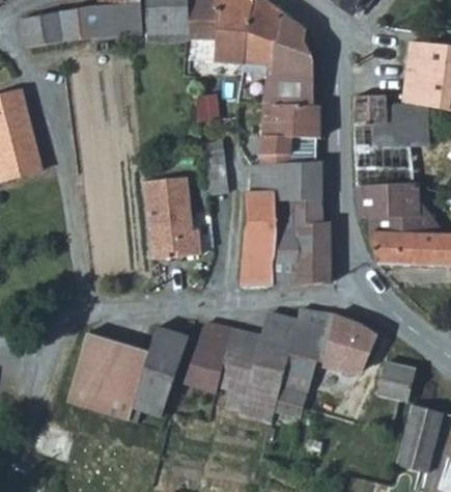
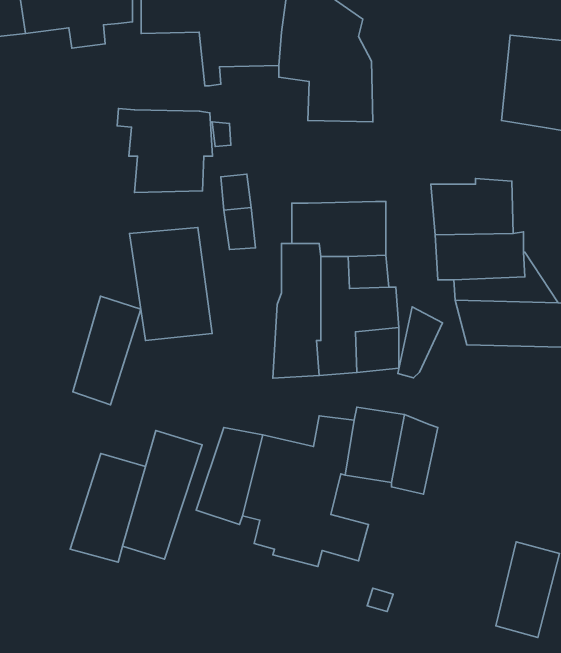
building: [354,95,436,147] -> none
building: [253,101,321,161] -> [117,108,213,192]
building: [348,322,380,373] -> [398,307,443,378]
building: [68,331,117,409] -> [73,296,141,405]
building: [379,362,419,399] -> none

